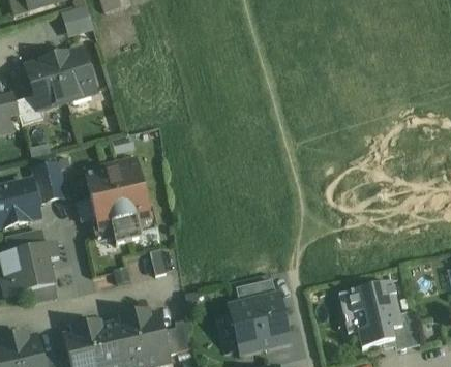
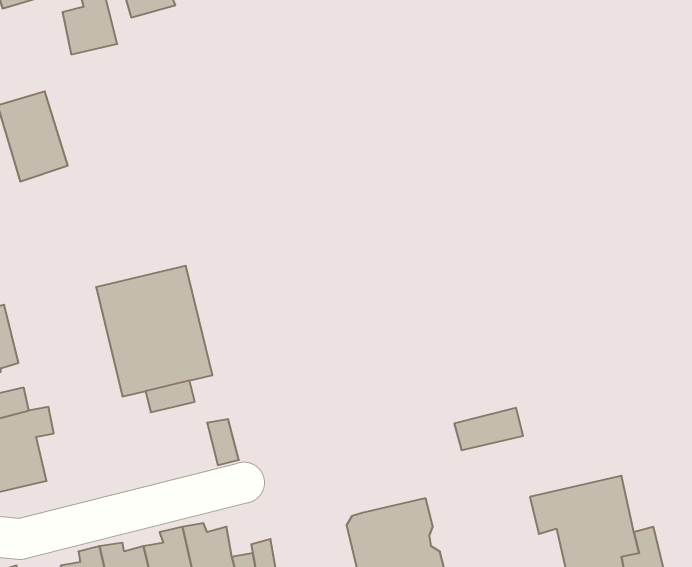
building: [54,49,95,99] -> none
building: [33,163,65,202] -> none
building: [236,278,276,303] -> [454,408,523,450]

